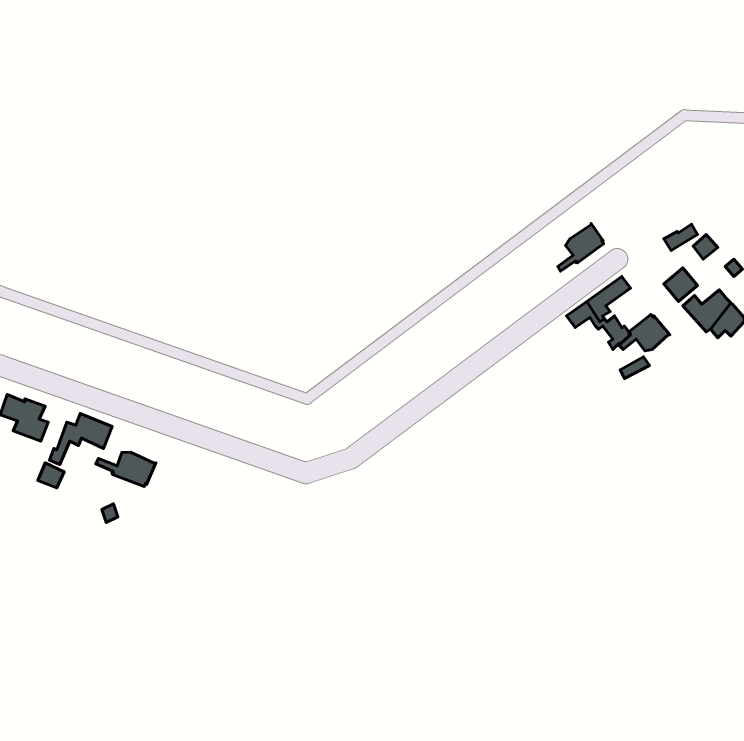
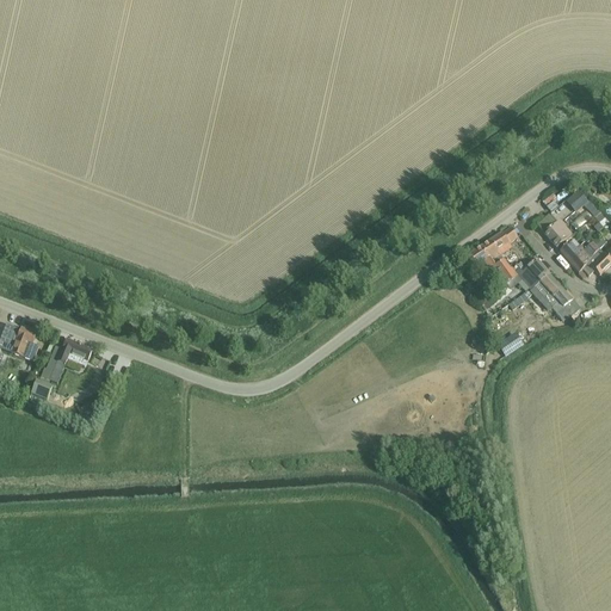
building: [558,224,603,271] -> none
building: none -> [535,274,584,322]
building: [96,452,156,487] -> none

